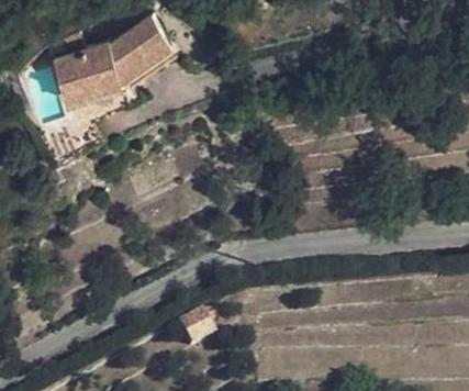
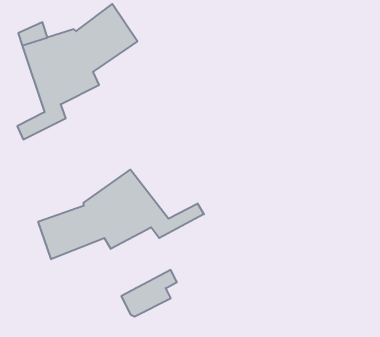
building: none -> [38,170,204,259]

